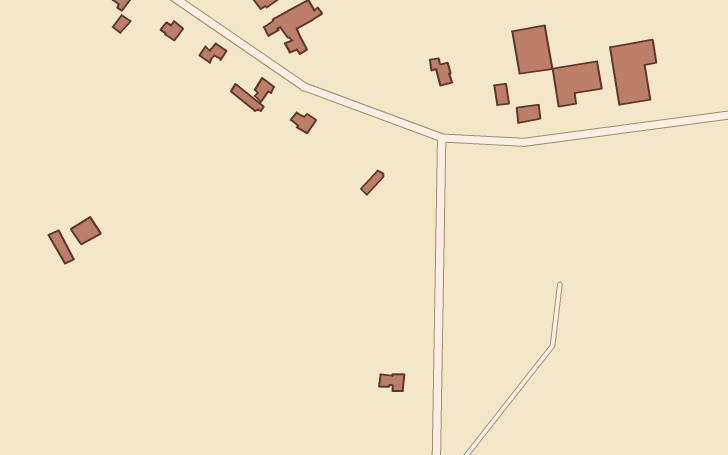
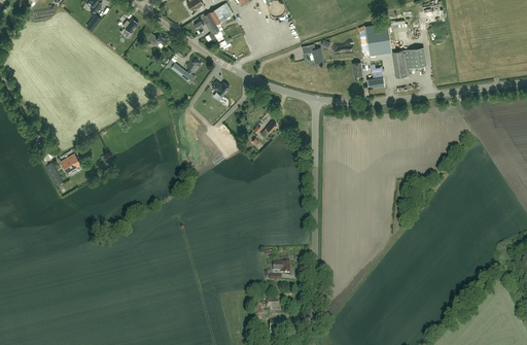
building: [610,40,656,105] -> none

